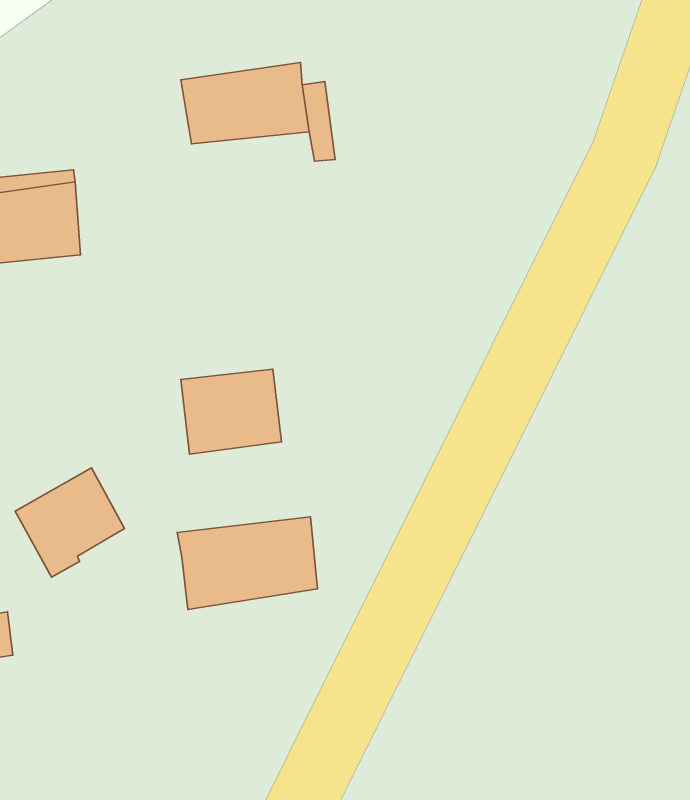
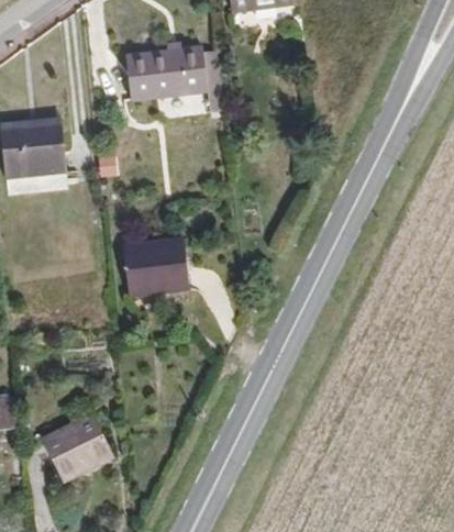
building: [15,468,124,577] -> [46,411,115,480]
building: [177,517,318,609] -> none

